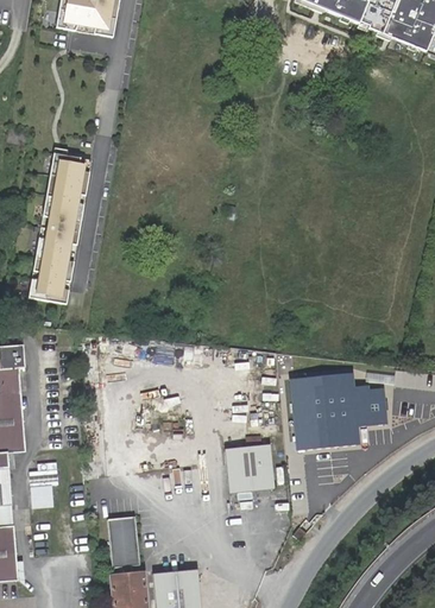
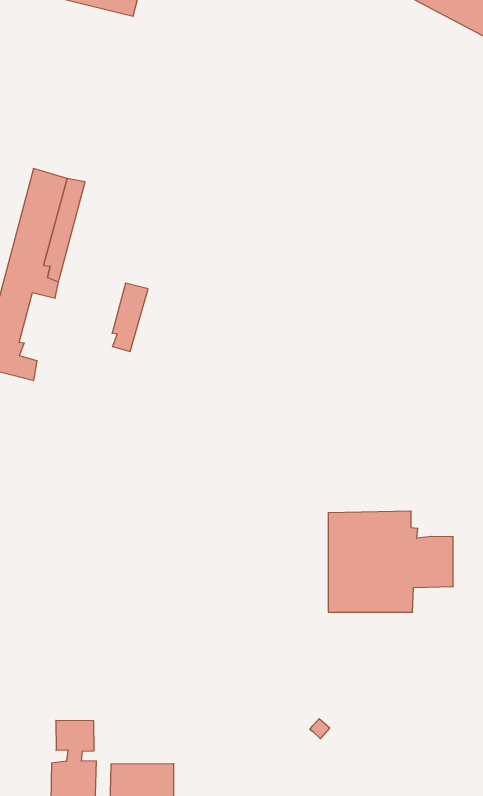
building: [55,242,77,291] -> [112,283,148,352]
building: [223,442,272,492] -> none
building: [105,518,135,547] -> none

